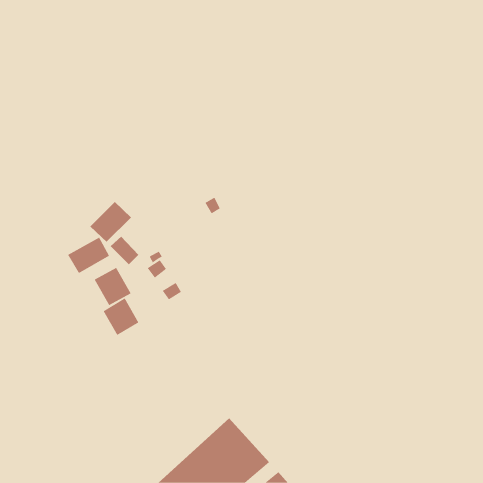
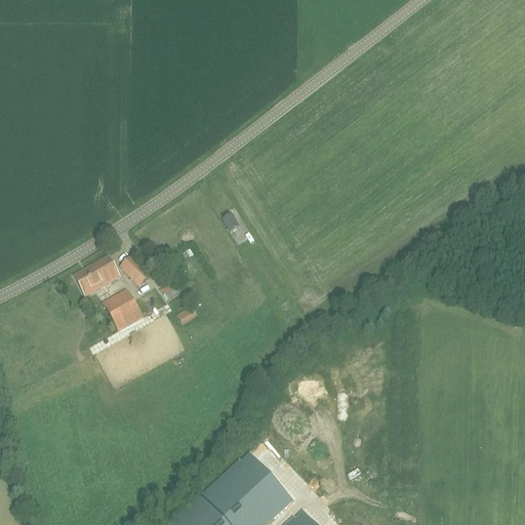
building: [90,201,132,243] -> none
building: [103,298,139,336] -> none

